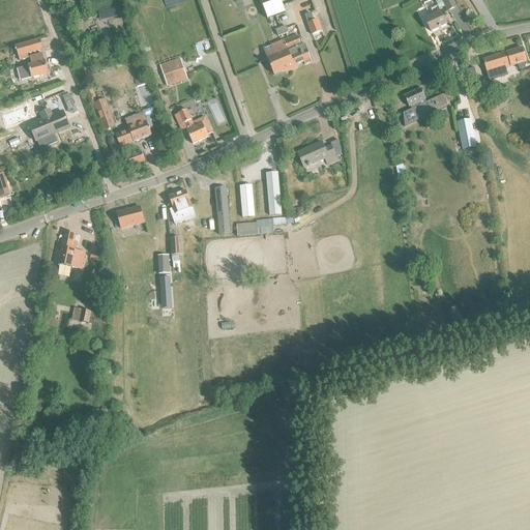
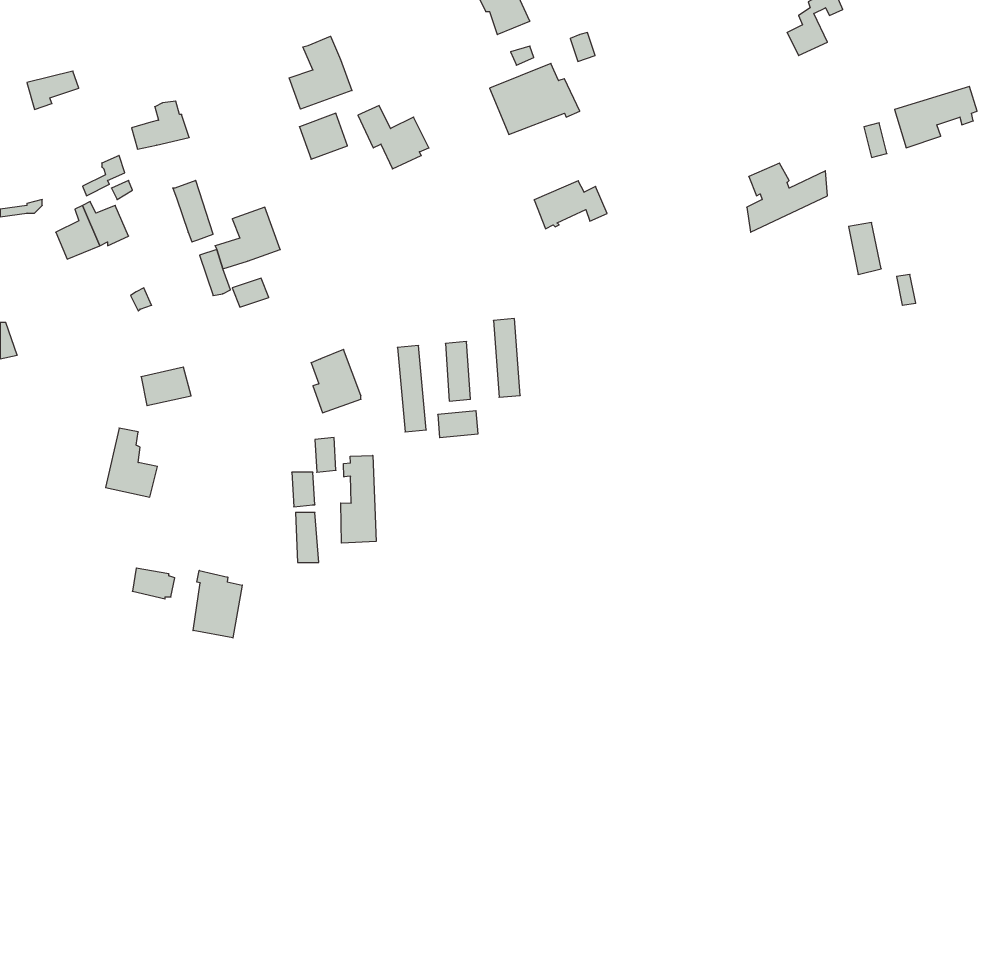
building: none -> [289,36,352,109]
building: [18,53,49,79] -> [132,101,189,149]
building: [174,109,212,143] -> [358,106,429,169]
building: [298,141,337,167] -> [534,181,607,229]
building: [117,206,144,227] -> [141,367,191,406]
building: none -> [341,455,376,543]
building: none -> [193,570,242,638]

